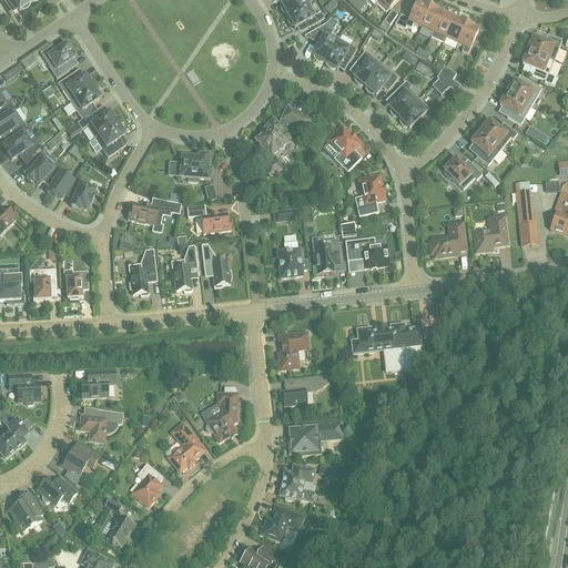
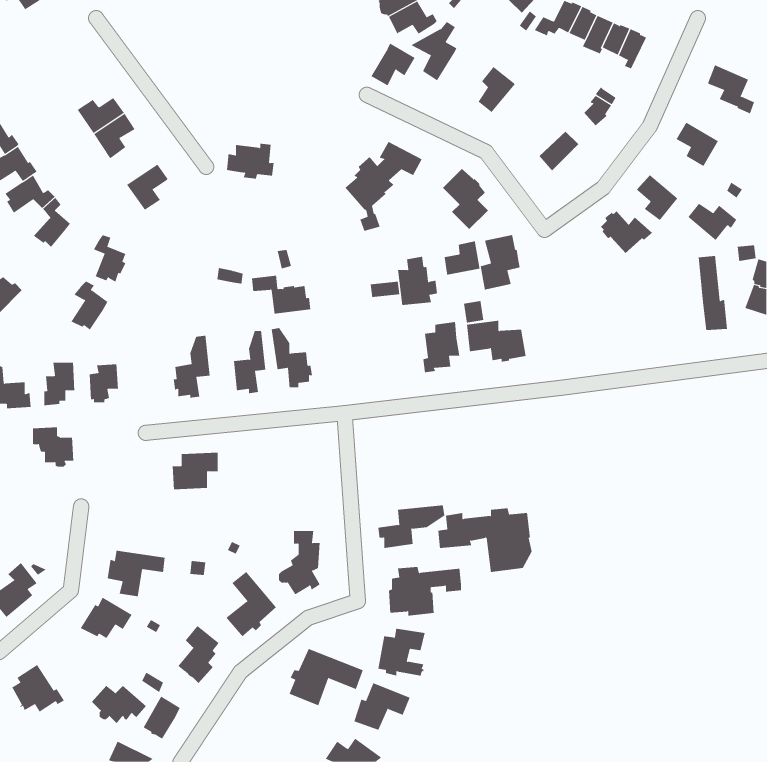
building: [527,33,560,59] -> none
building: [323,36,356,68] -> [370,43,415,87]
building: [40,41,74,77] -> none
building: [363,62,397,93] -> none
building: [506,78,540,104] -> none
building: [387,79,417,115] -> none
building: [77,109,116,136] -> none
building: [479,118,516,146] -> [687,202,737,241]
building: [174,153,210,180] -> [226,143,274,179]
building: [45,161,73,197] -> [71,281,108,330]
building: none -> [444,241,480,275]
building: [126,201,162,232] -> none
building: [473,214,506,251] -> none
building: [428,220,465,255] -> none
building: [276,240,306,276] -> [397,256,438,306]
building: [351,322,420,369] -> [438,508,532,573]
building: [277,331,307,368] -> none
building: [80,368,114,396] -> [172,452,218,490]
building: [8,373,39,403] -> [32,427,74,467]
building: [36,475,77,504] -> [91,685,147,724]
building: none -> [289,648,363,706]

